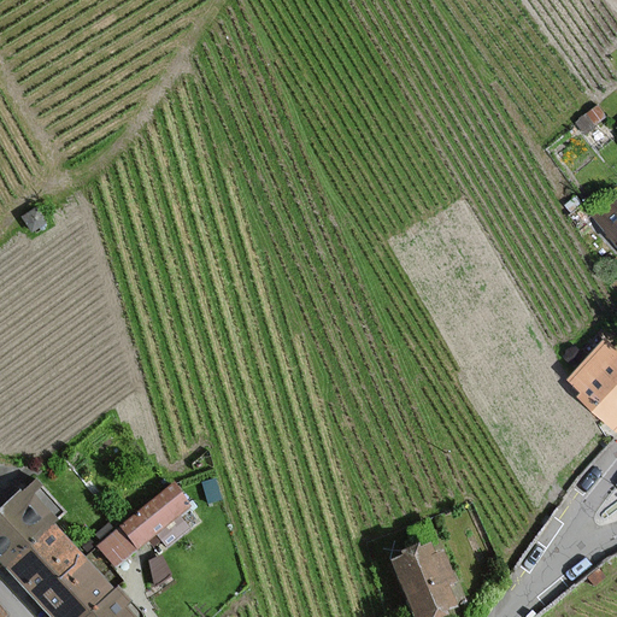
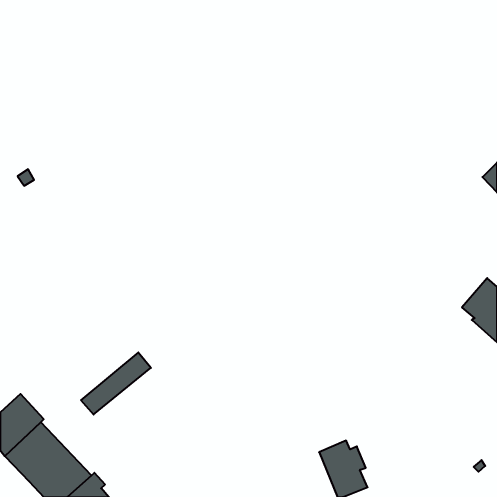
building: [101,487,188,564] -> [81,352,151,415]

